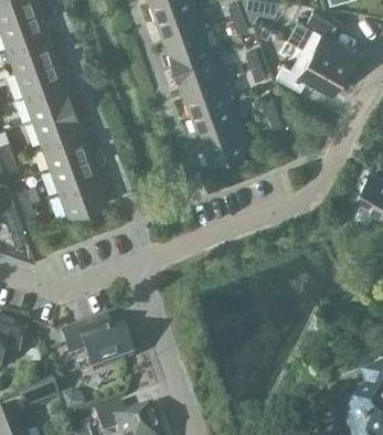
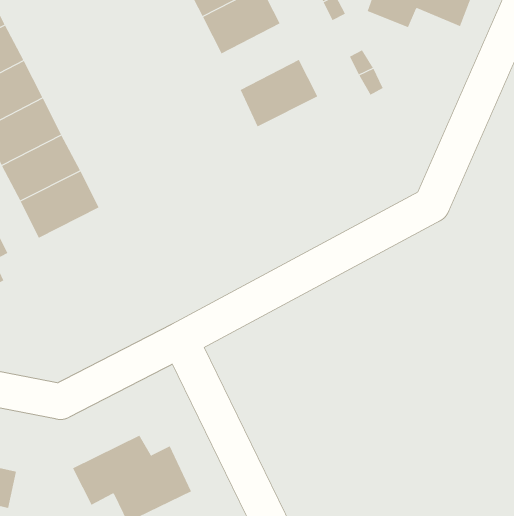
building: [183,77,231,115] -> none
building: [200,125,248,163] -> none
building: [57,177,106,215] -> none

